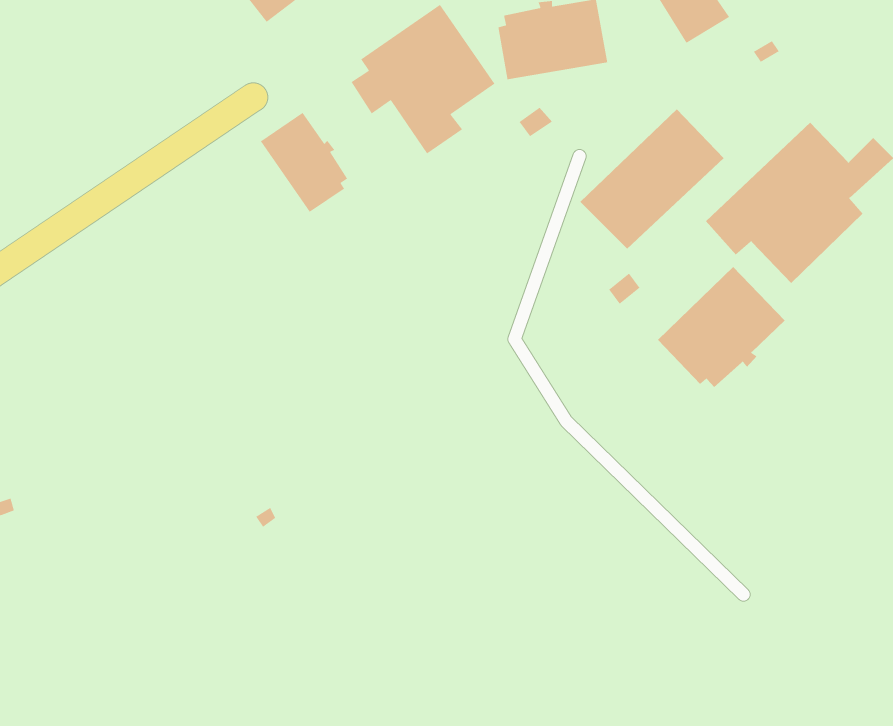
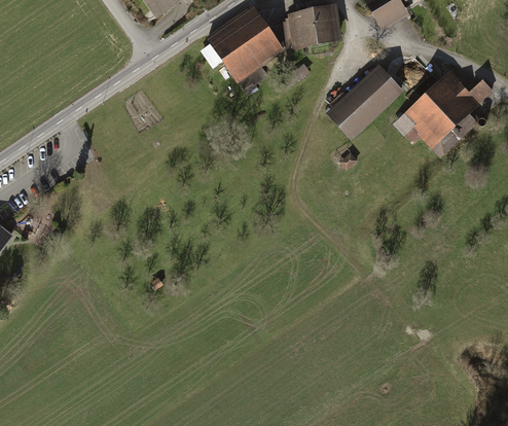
building: [260,112,348,213] -> none
building: [657,266,785,388] -> none

